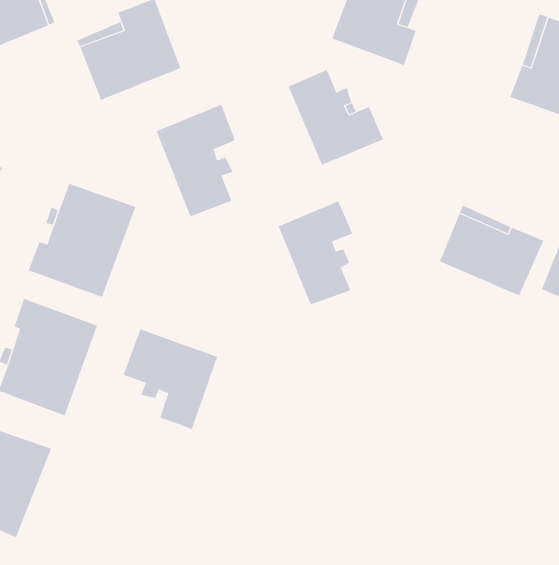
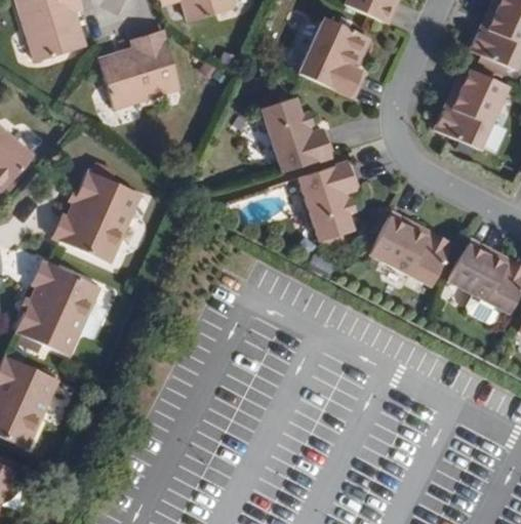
building: [156,104,235,217] -> none
building: [278,201,353,305] -> [299,161,358,241]
building: [123,328,218,430] -> none

